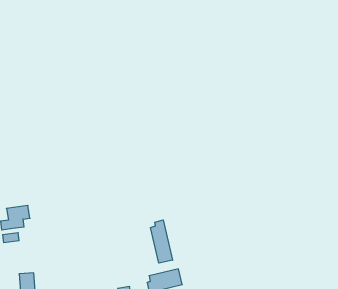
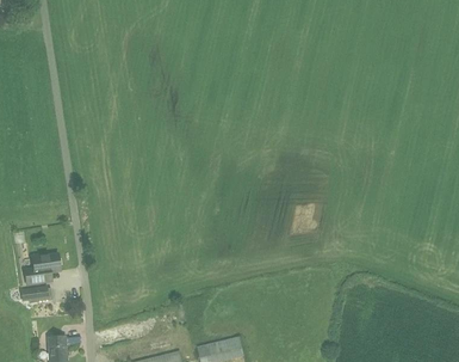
building: [151,220,173,263] -> none

